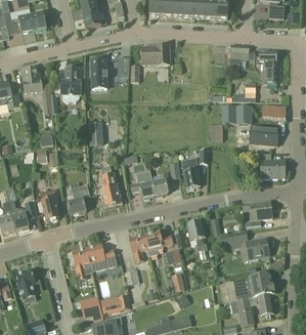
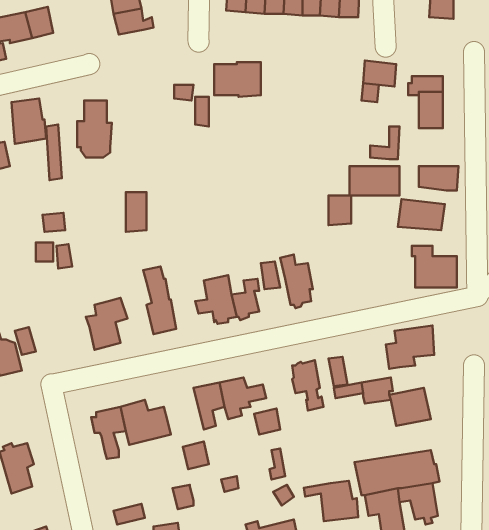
building: [91,56,108,88] -> none
building: [40,187,61,219] -> none
building: none -> [304,481,358,521]

